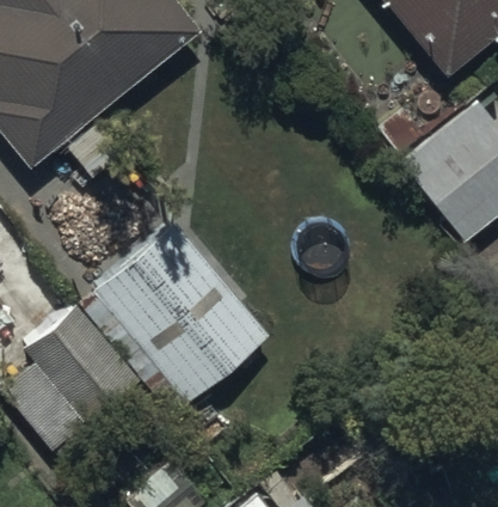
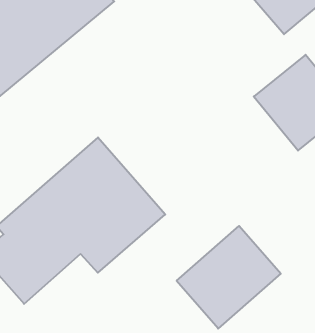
building: none -> [177,226,281,329]

